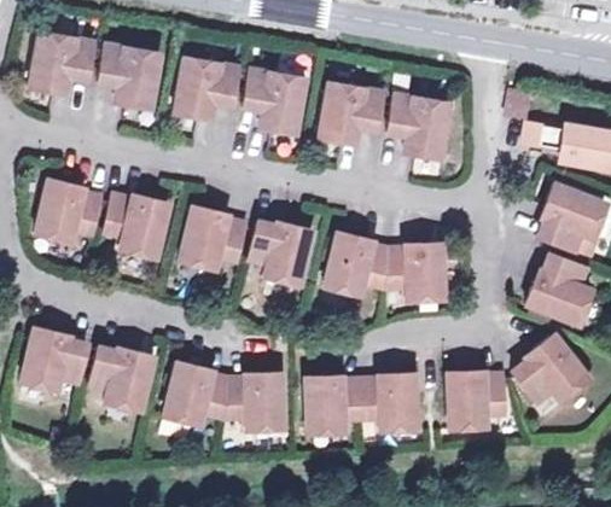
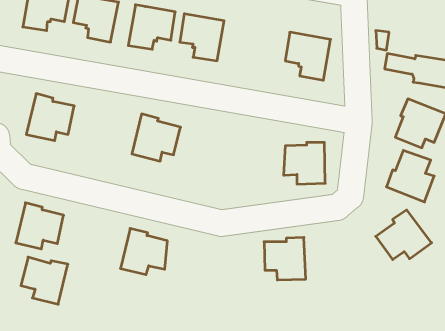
building: [320,82,384,144] -> none
building: [105,193,169,257] -> none
building: [250,221,314,285] -> none
building: [325,232,389,296] -> none
building: [89,345,153,409] -> [21,257,68,304]
building: [225,372,283,429] -> none
building: [448,372,504,429] -> none
building: [306,377,361,432] -> none

